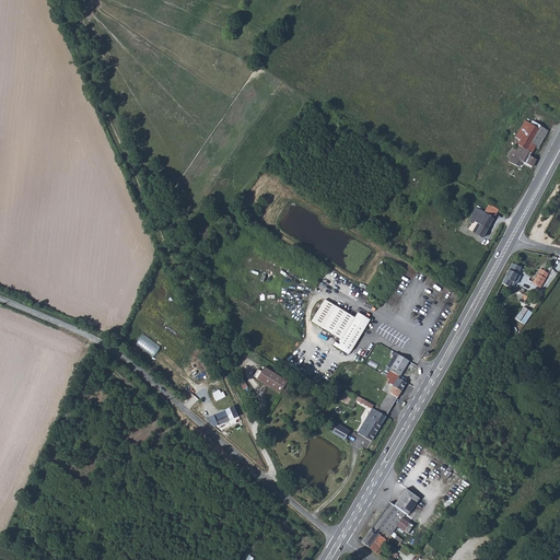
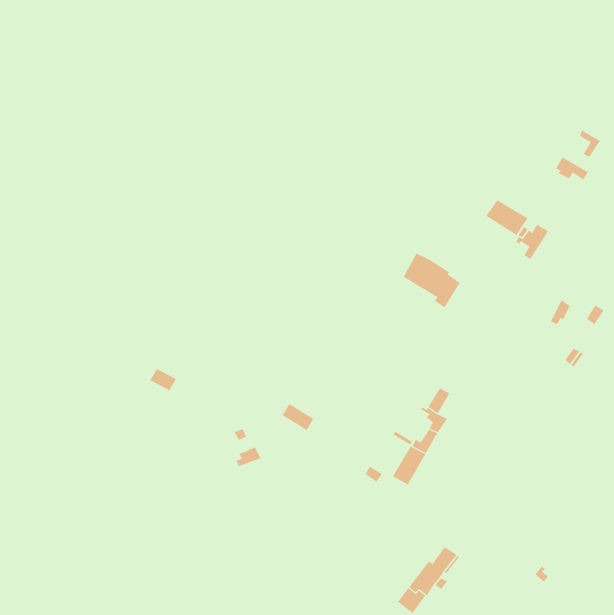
building: [513,120,536,152] -> none
building: none -> [485,199,528,236]
building: [311,298,363,348] -> [403,253,461,308]

